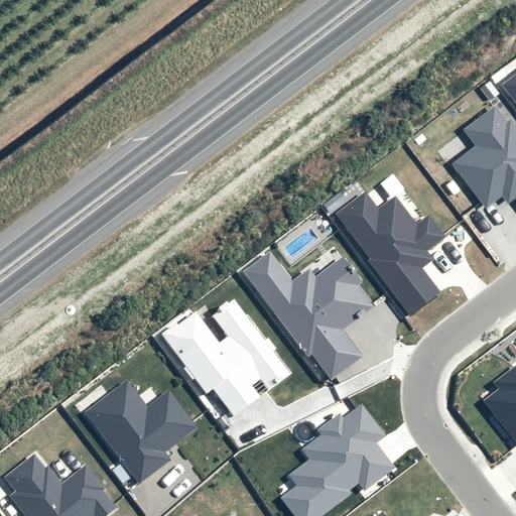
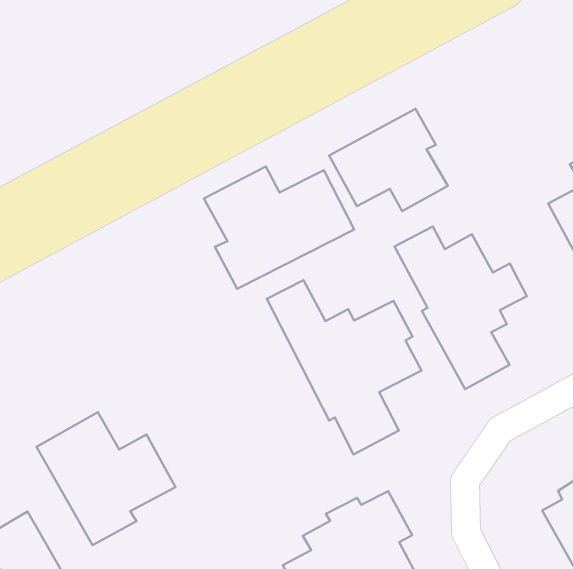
building: none -> [329,109,448,211]
building: none -> [204,166,354,289]
building: [162,297,290,414] -> none

